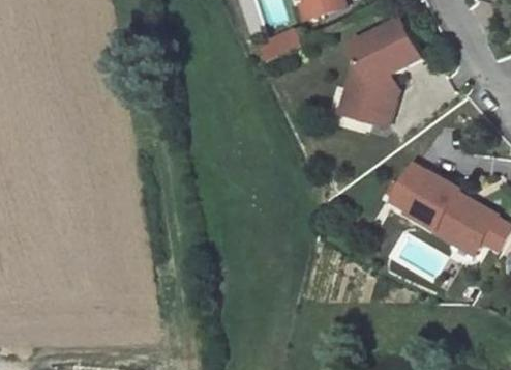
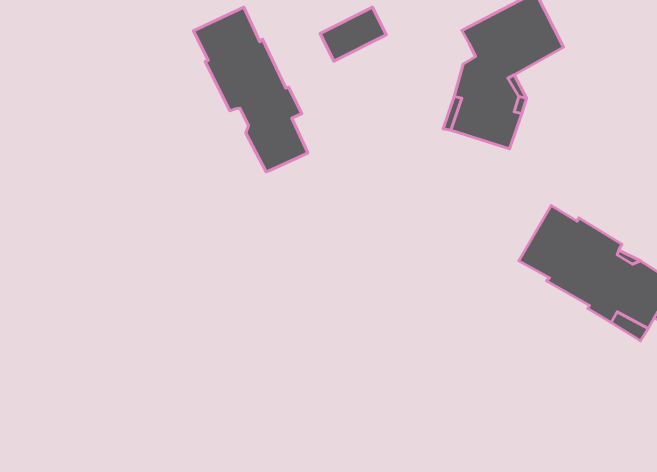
building: none -> [194,7,308,172]

